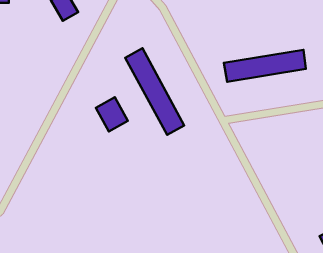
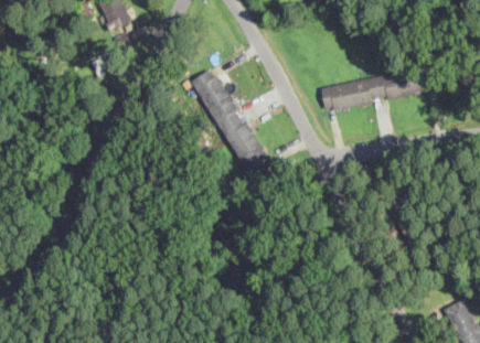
building: [96,97,128,132] -> none

